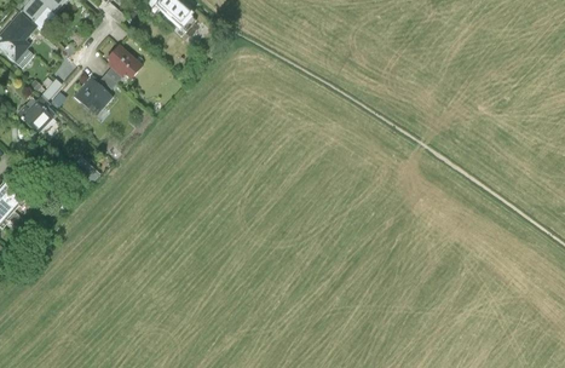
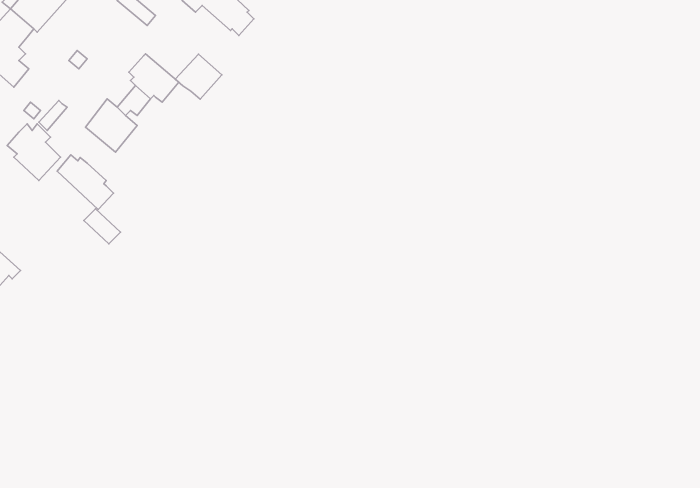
building: none -> [175,54,222,99]
building: none -> [57,155,114,209]

